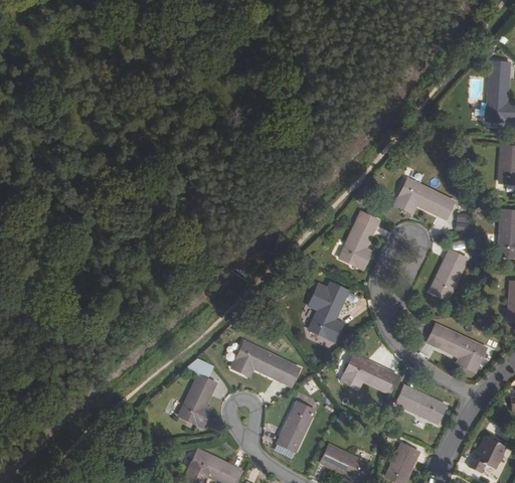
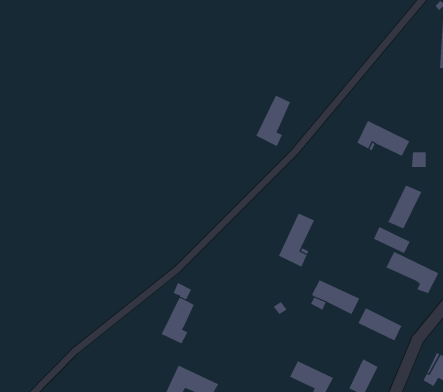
building: [339,211,378,269] -> [255,95,291,147]
building: none -> [373,226,410,254]
building: [231,340,291,380] -> none
building: [278,401,314,451] -> none

